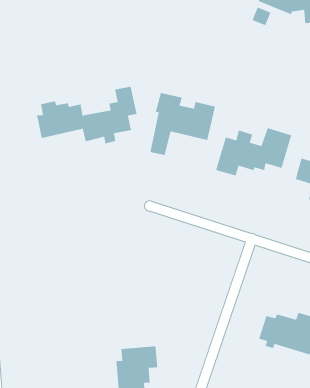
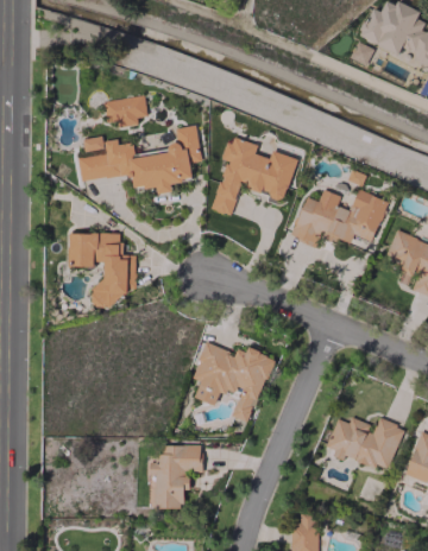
building: none -> [105,95,147,127]
building: none -> [69,234,136,303]
building: none -> [193,343,272,423]

